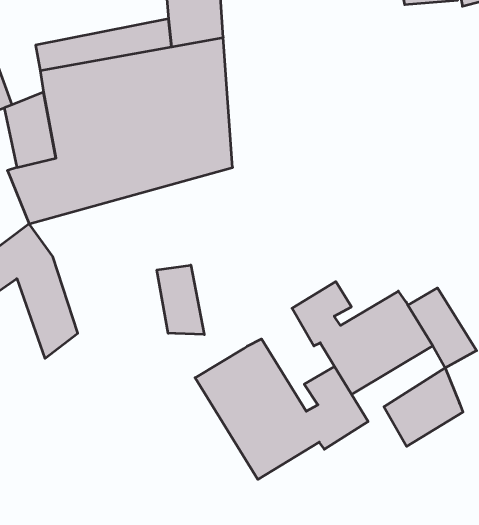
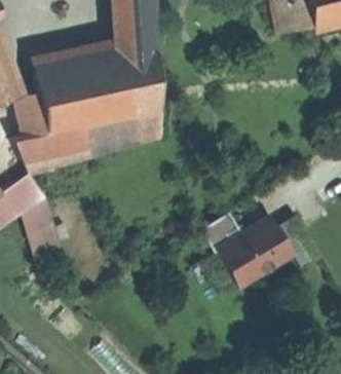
building: [157,265,204,335] -> none
building: [195,339,368,479] -> none
building: [384,368,463,446] -> none

